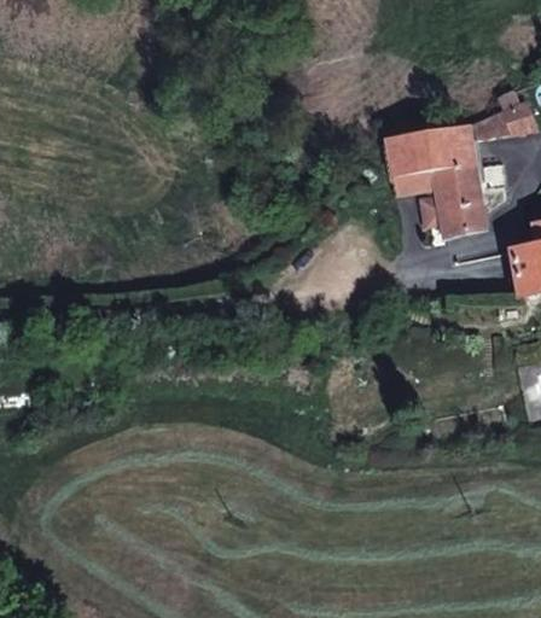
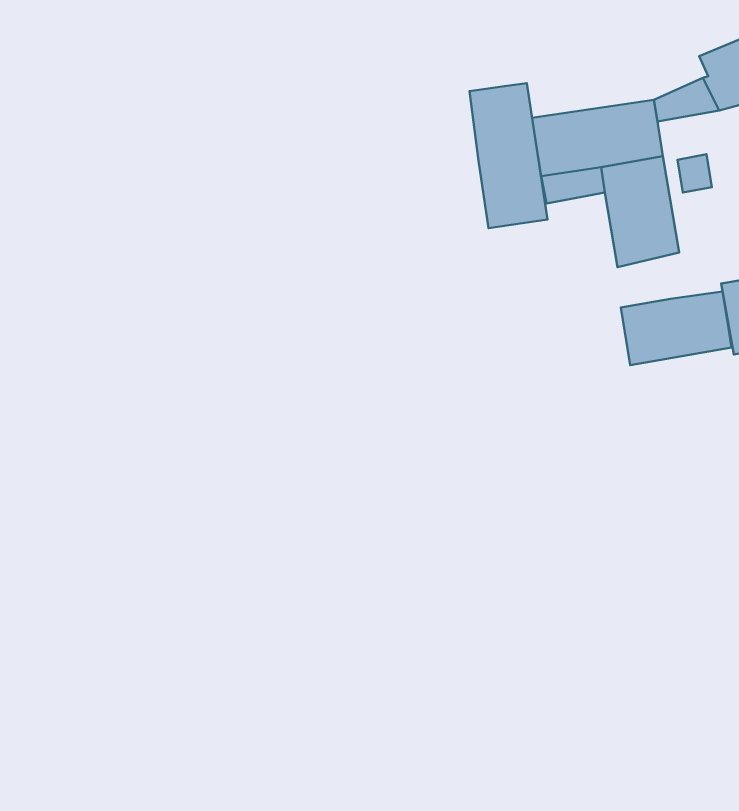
building: none -> [470,83,548,228]
building: none -> [621,292,732,365]

